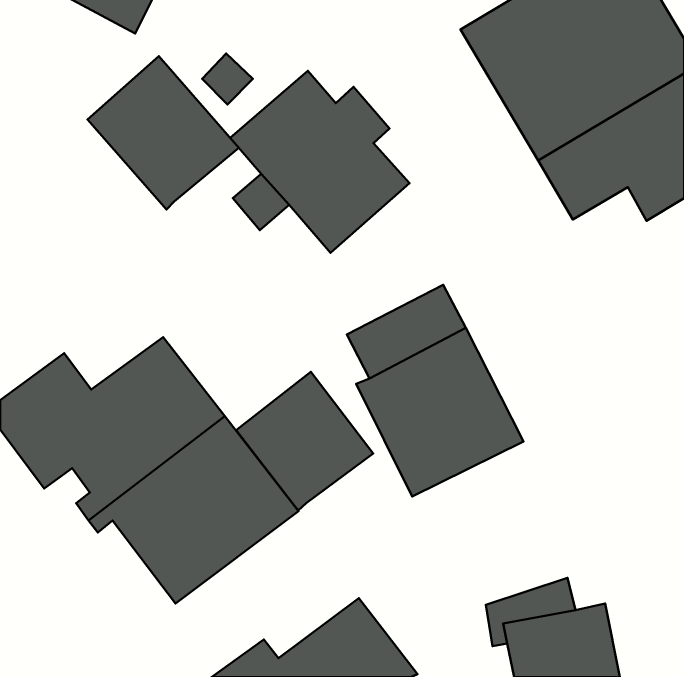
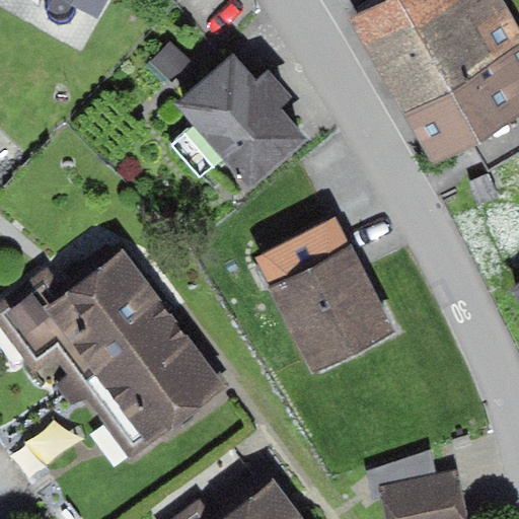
building: [88,56,239,210] -> none
building: [236,372,373,511] -> none

